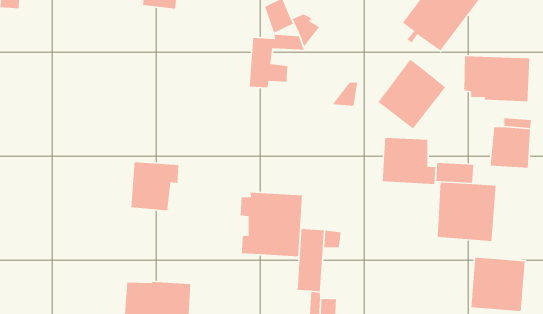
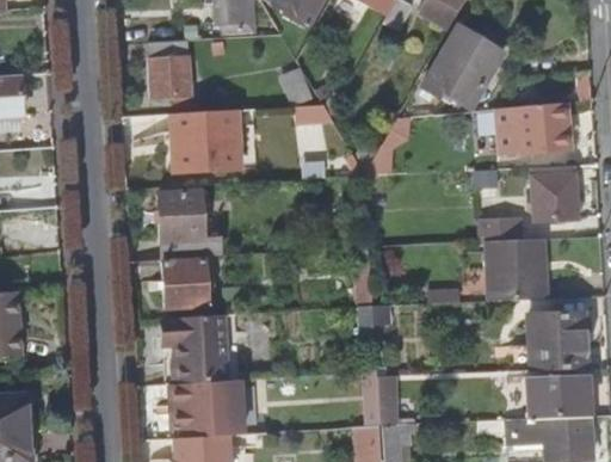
building: none -> [172,111,241,171]
building: [377,59,446,129] -> none
building: none -> [161,191,222,259]
building: [382,137,436,185] -> none
building: [240,192,303,257] -> [169,314,237,383]

